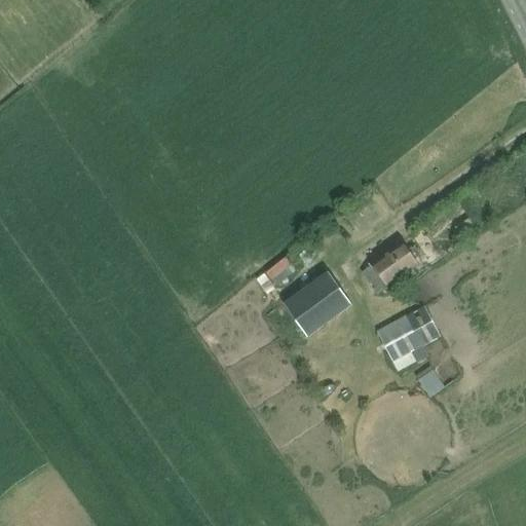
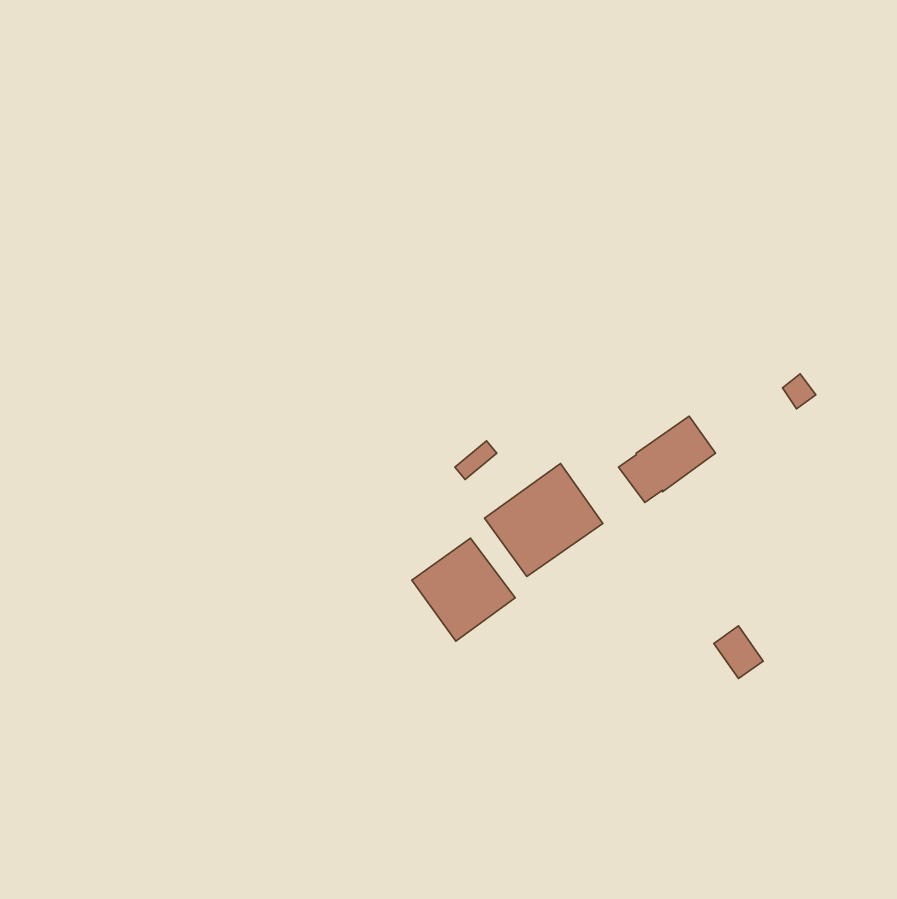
building: [376,306,439,361] -> none
building: none -> [412,538,515,641]

